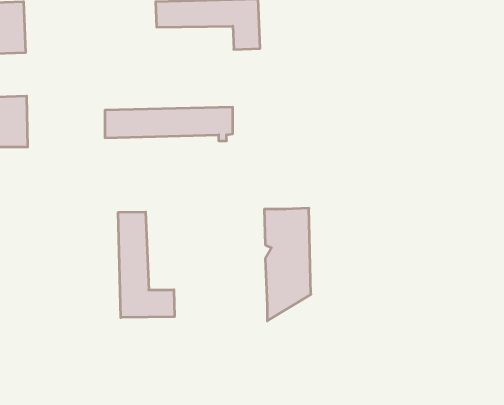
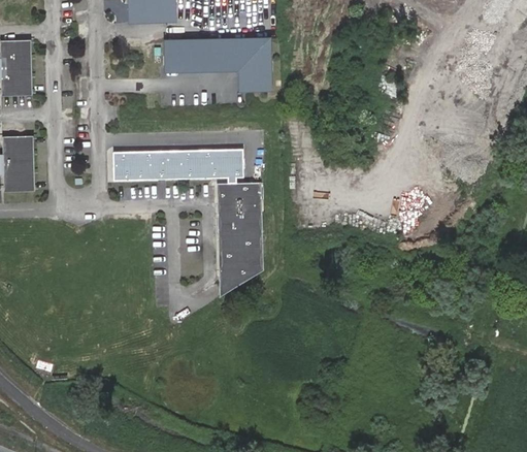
building: [264,208,311,321] -> [216,182,263,296]
building: [118,212,174,318] -> none

